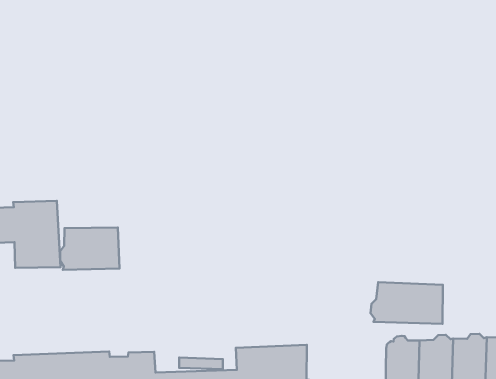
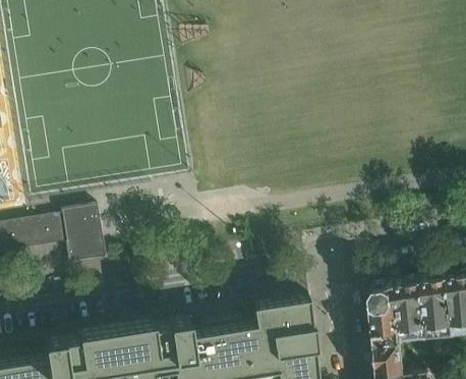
building: [60,227,119,270] -> none
building: [371,282,443,324] -> none

